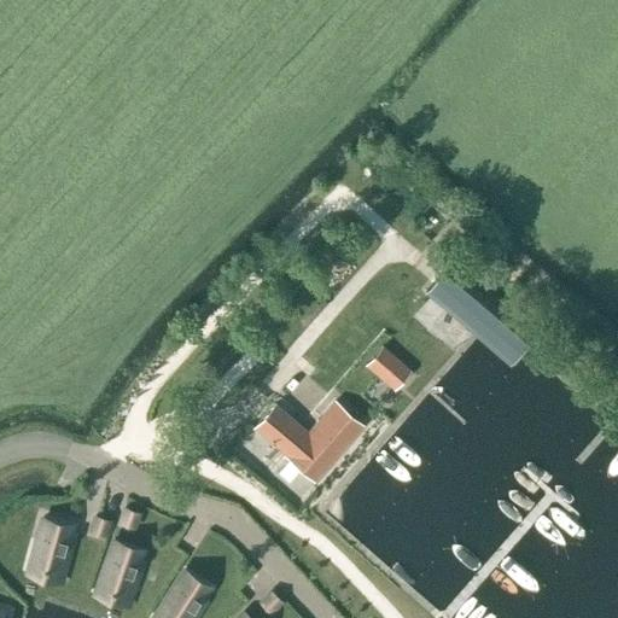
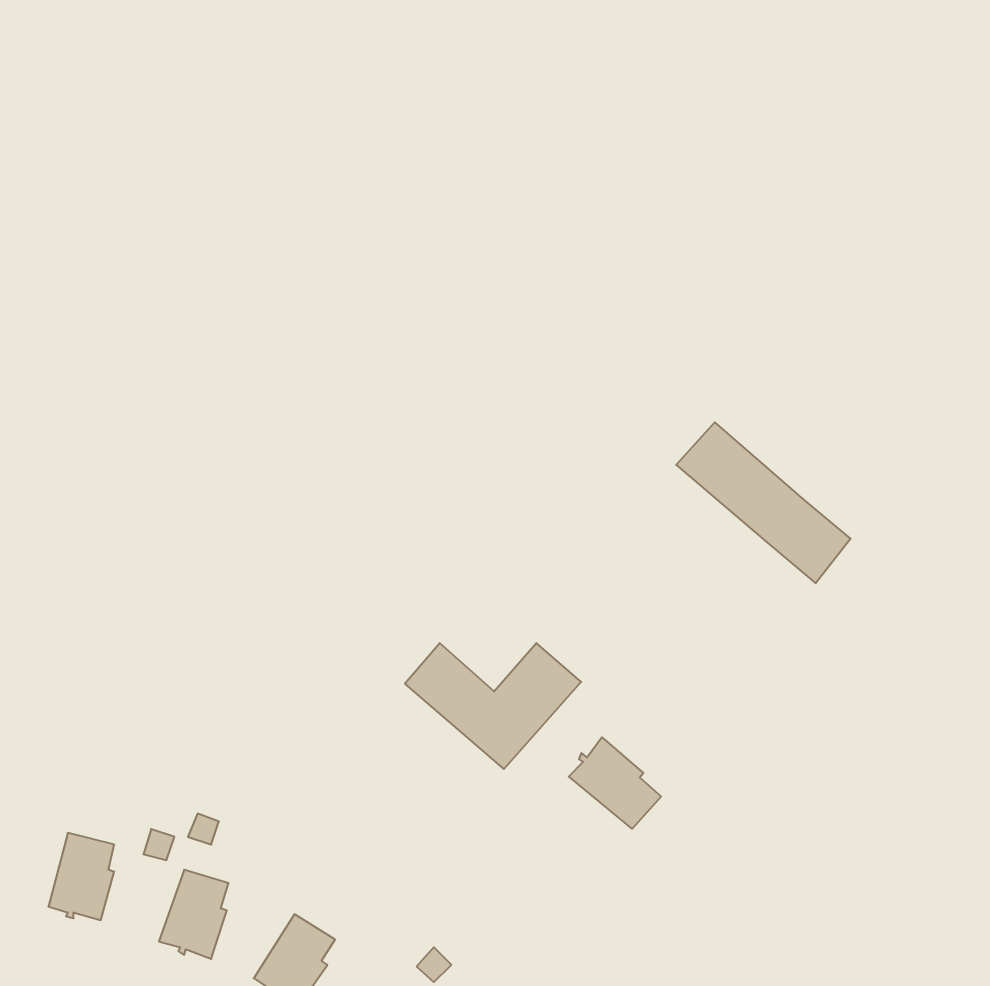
building: [366,349,409,391] -> none
building: none -> [569,737,661,829]

